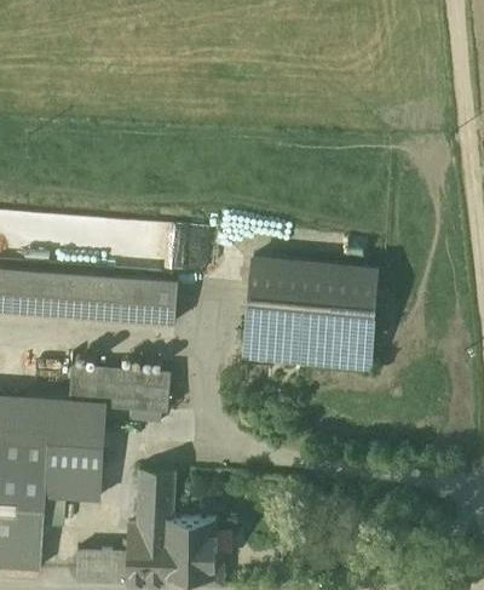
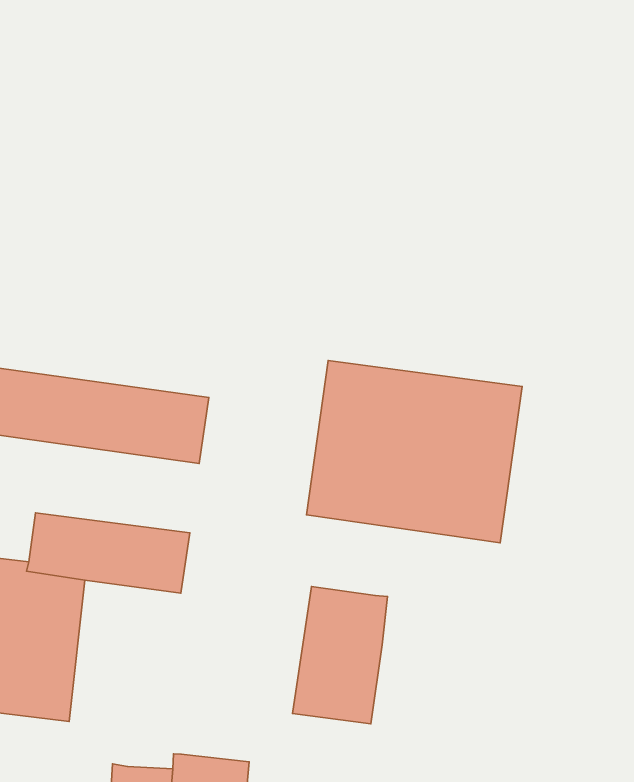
building: none -> [293,587,388,724]
building: [138,470,174,526] -> none

